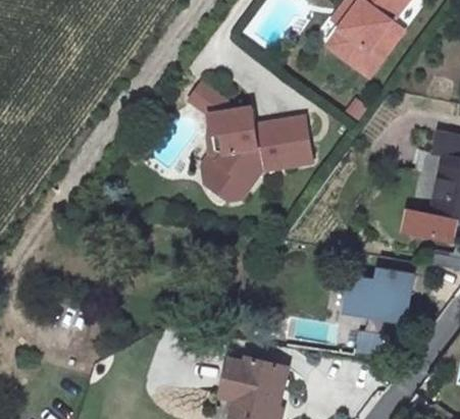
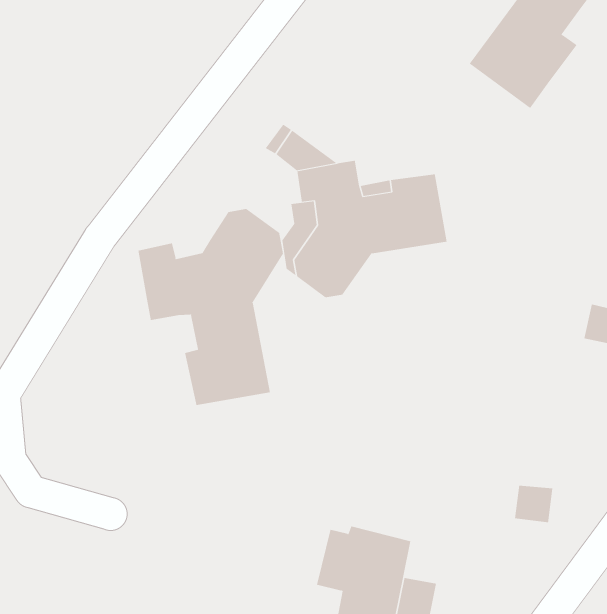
building: none -> [138,208,284,406]
building: [347,269,413,320] -> none

